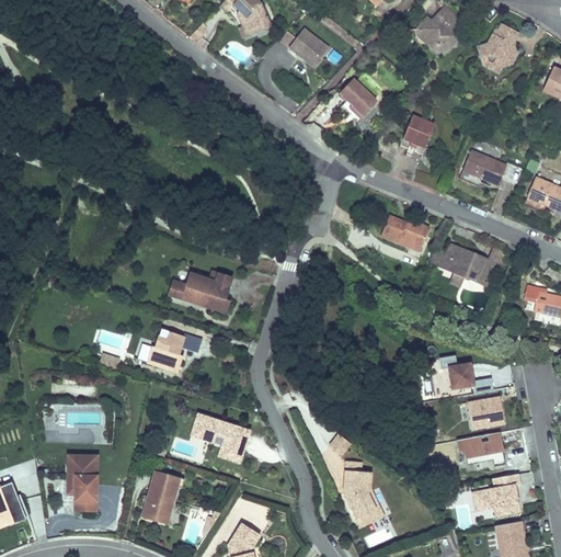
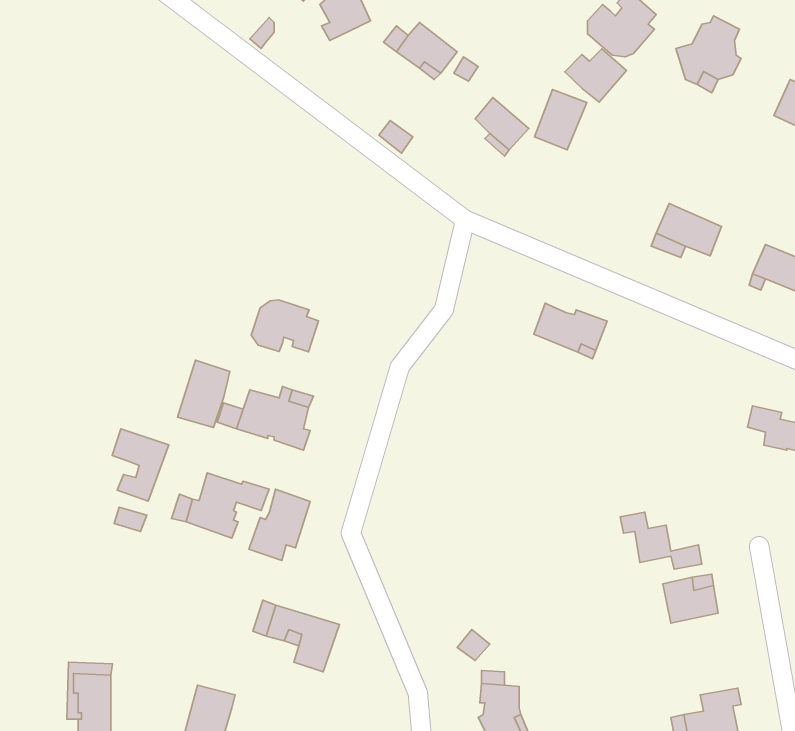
building: none -> [565,49,626,102]
building: [400,113,435,154] -> [534,90,587,150]
building: none -> [251,300,318,352]
building: [431,243,506,286] -> none
building: none -> [177,360,230,428]
building: none -> [112,429,169,501]
building: none -> [249,489,310,560]
building: [457,433,505,467] -> none

